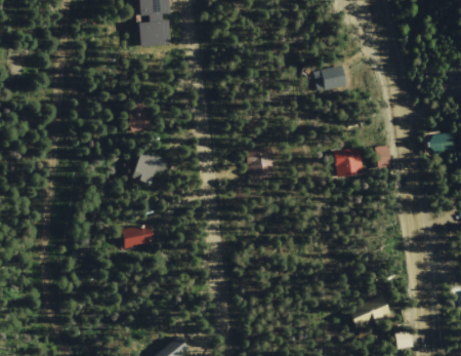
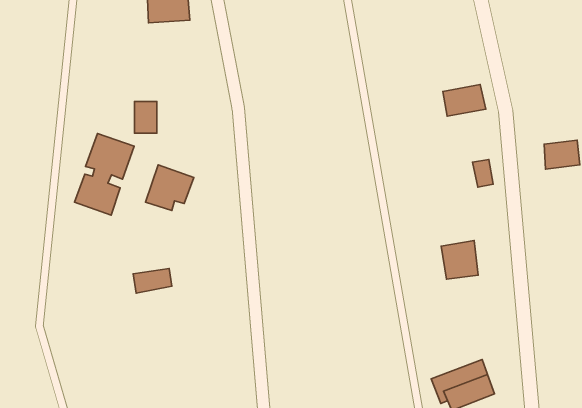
building: [317,67,348,90] -> [443,85,486,116]
building: none -> [74,133,134,215]
building: [336,149,364,177] -> [441,241,478,279]
building: [248,150,275,176] -> none

